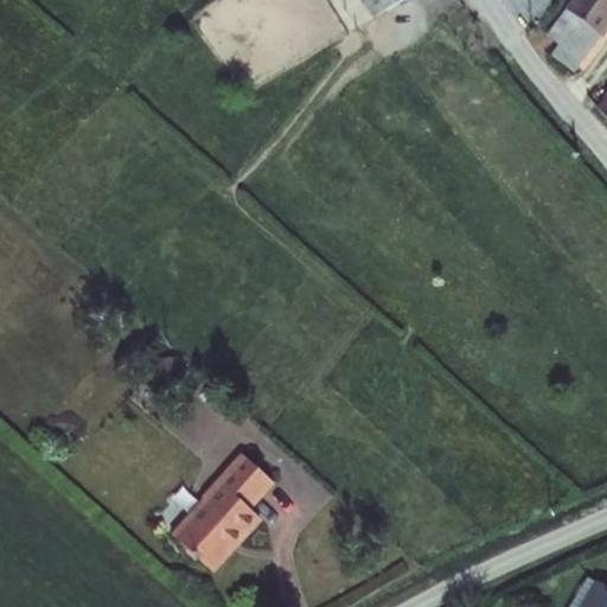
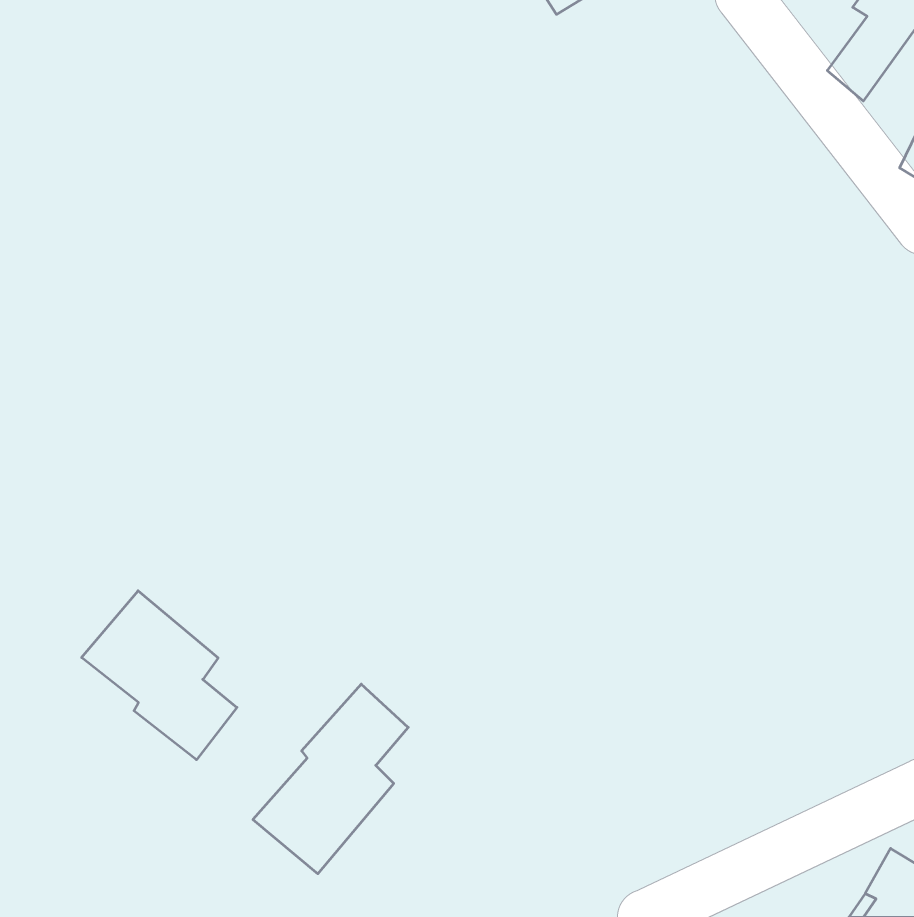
building: none -> [82,591,237,760]

